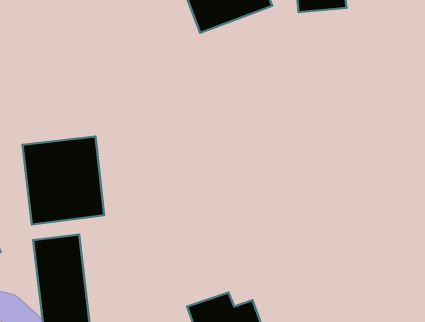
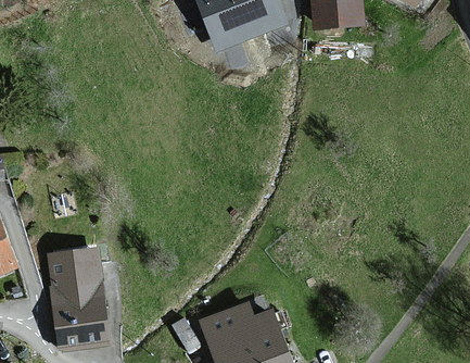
building: [22,137,104,224] -> none

